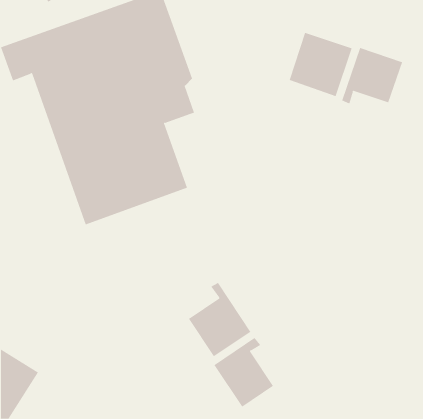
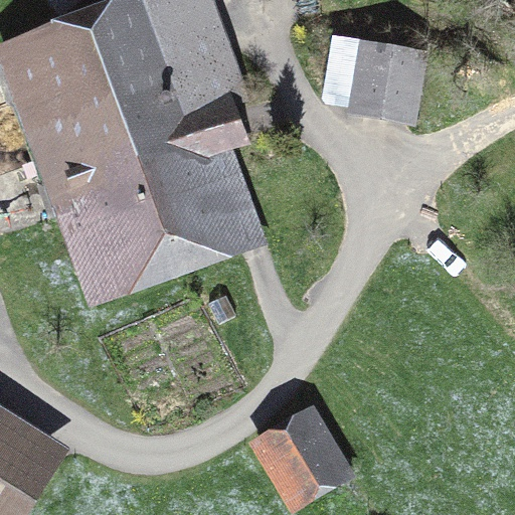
building: [341,47,403,104] -> none
building: [188,282,251,357] -> none

